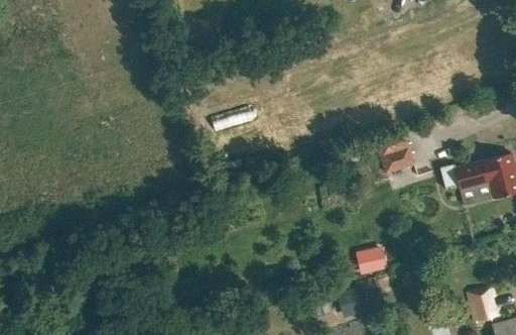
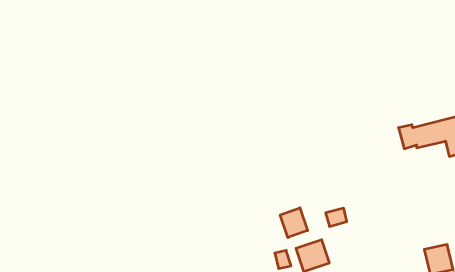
building: [376,133,414,174] -> none
building: none -> [280,208,308,238]

